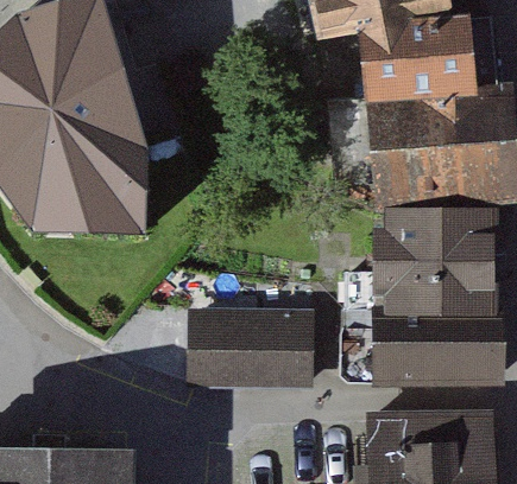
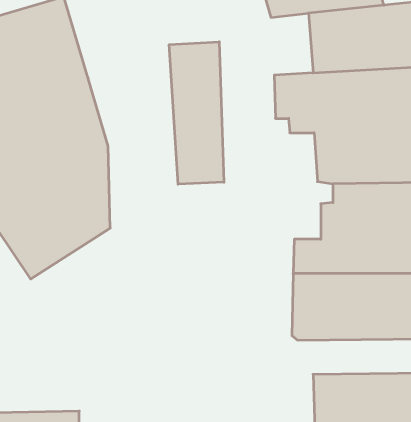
building: none -> [169,42,224,184]
building: [203,310,311,374] -> none

